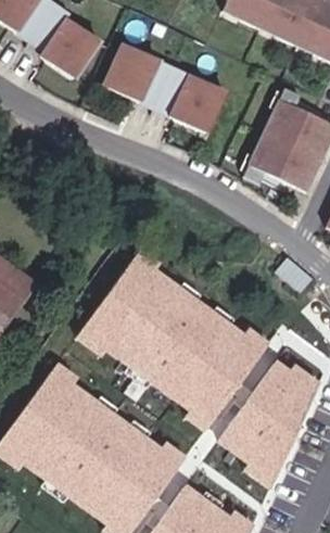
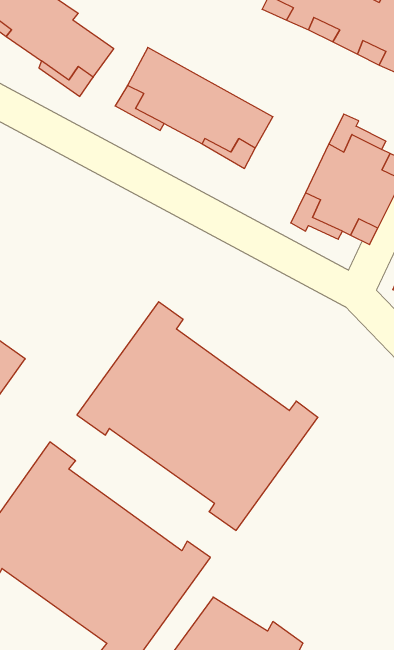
building: [217,356,319,483] -> none

